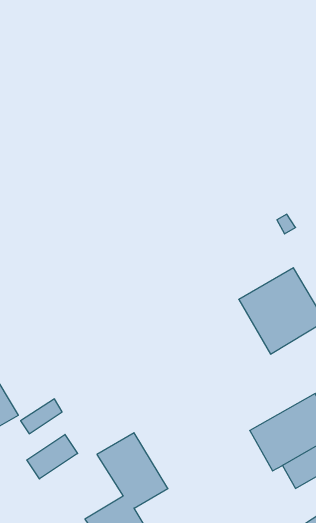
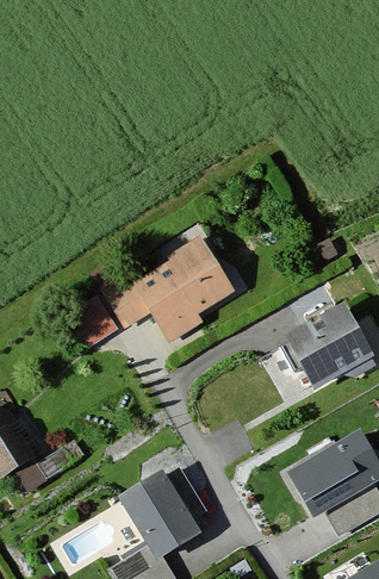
building: none -> [93,237,232,340]
building: [27,434,78,479] -> none

